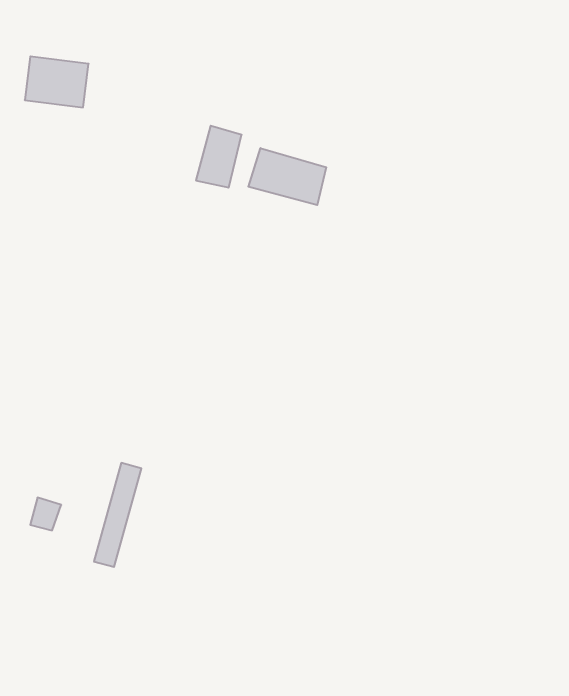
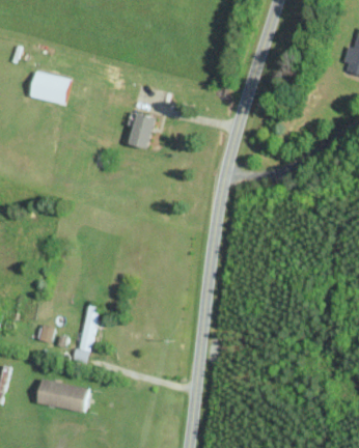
building: [248,148,326,205] -> none
building: none -> [36,380,88,411]

